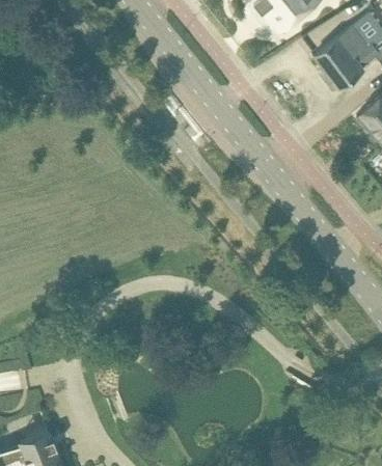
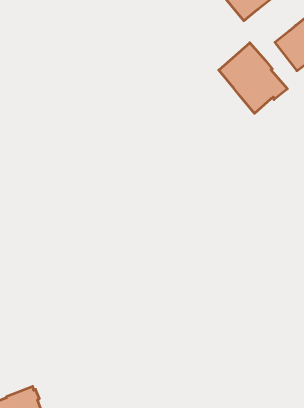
building: none -> [219,43,287,113]

